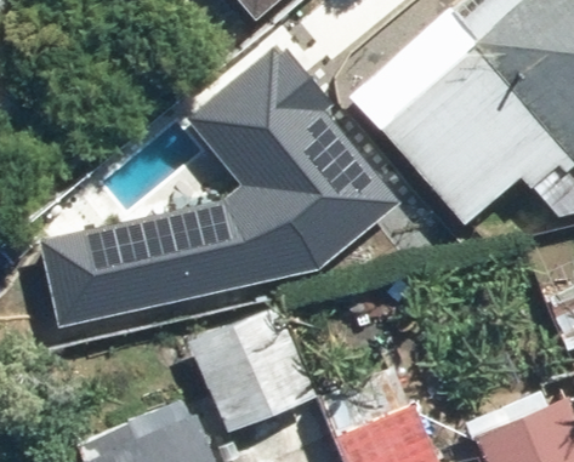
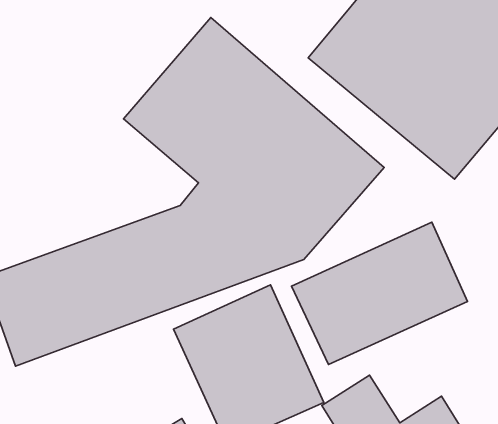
building: none -> [292,222,468,364]

